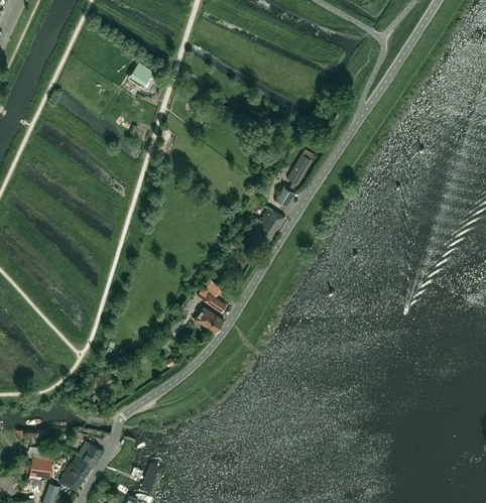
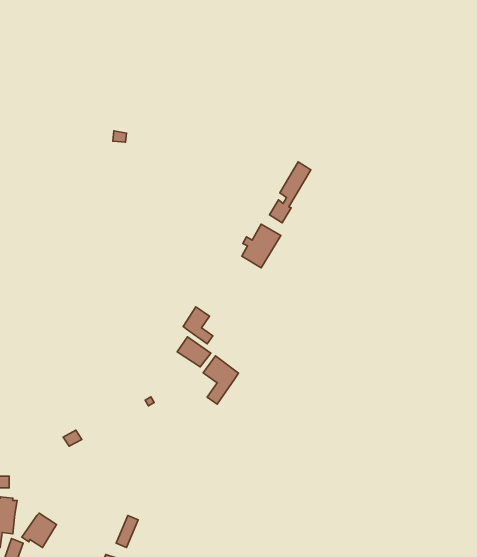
building: [128,61,154,88] -> none
building: none -> [203,356,238,404]
building: [74,442,102,471] -> none

